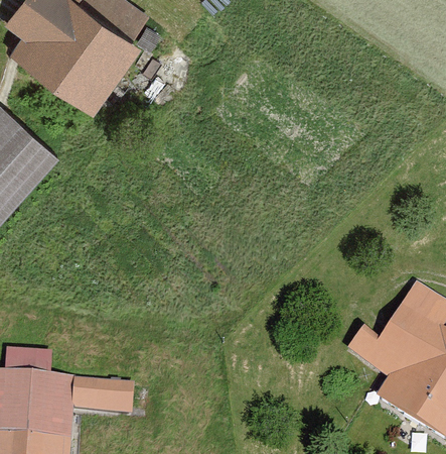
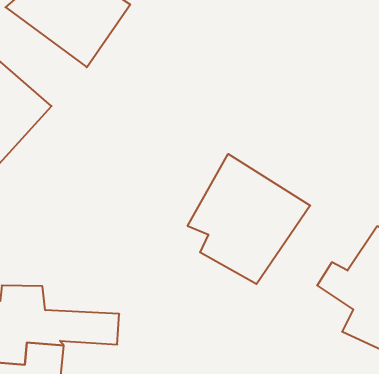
building: none -> [188,154,310,284]

